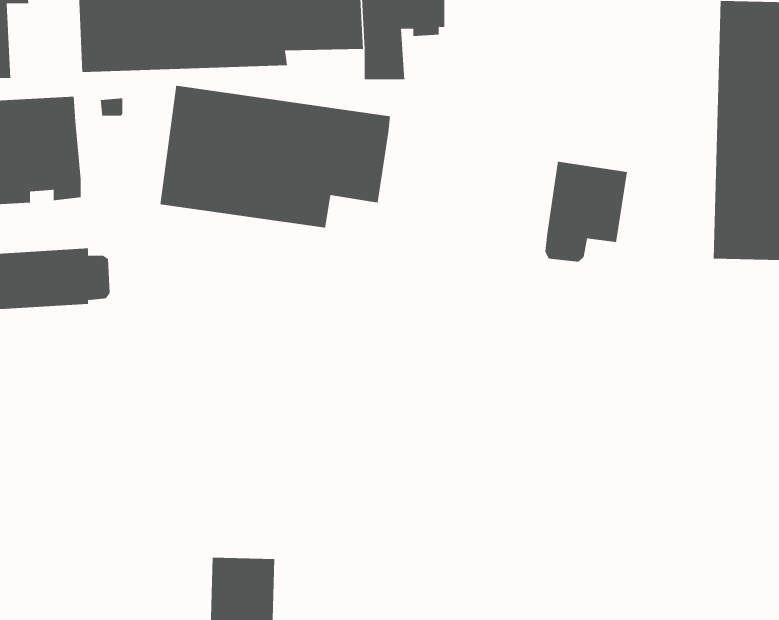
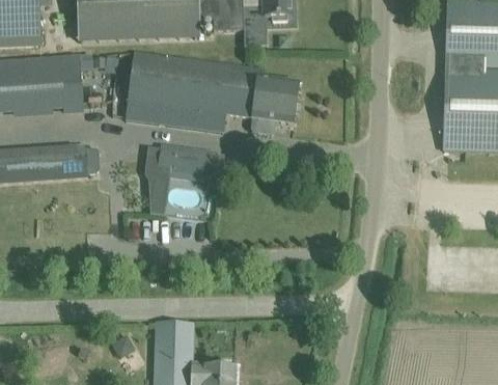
building: [545,161,628,262] -> [251,77,299,135]
building: none -> [144,144,213,214]

